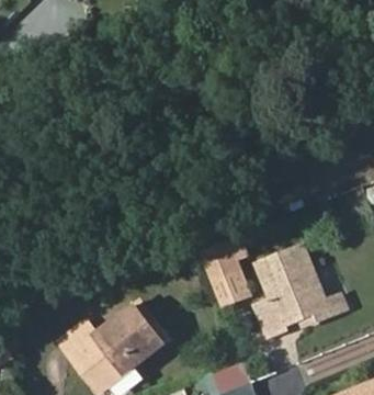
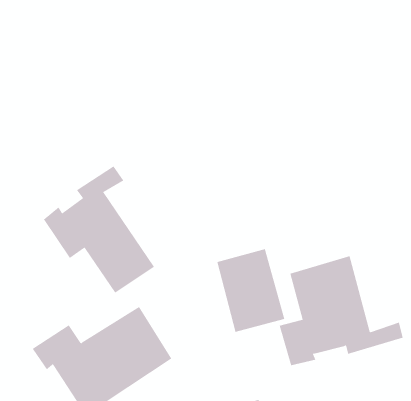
building: none -> [43,166,155,293]

